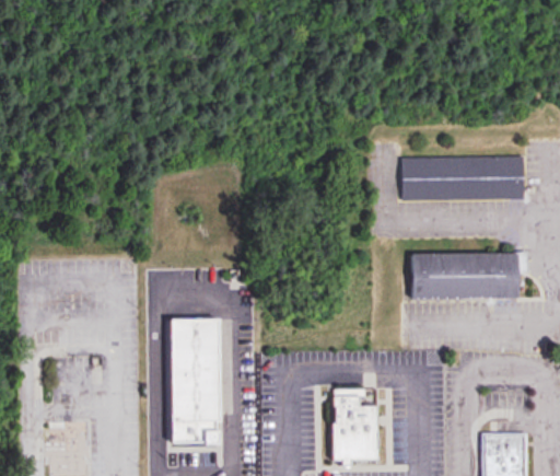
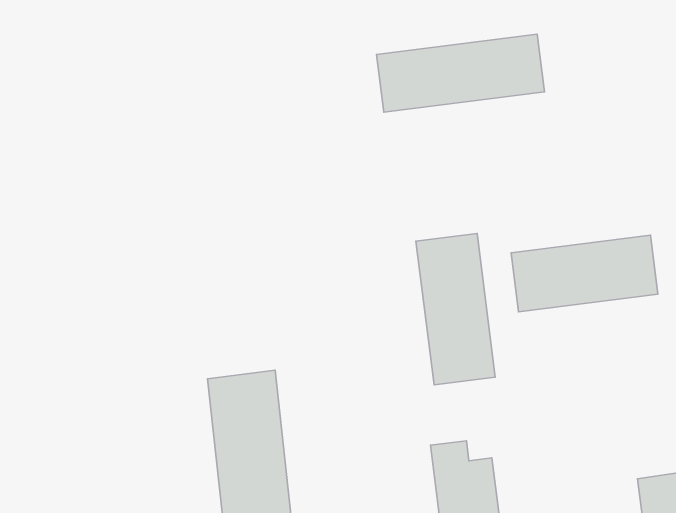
building: [401,155,524,199] -> [376,34,545,112]
building: none -> [416,233,495,385]

